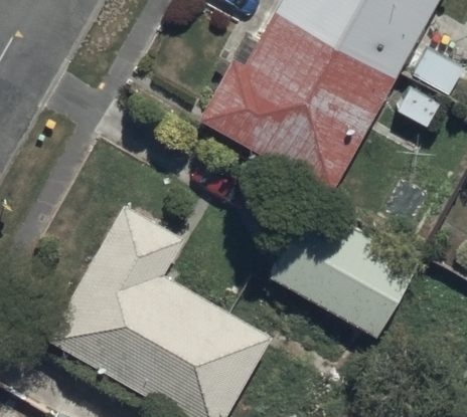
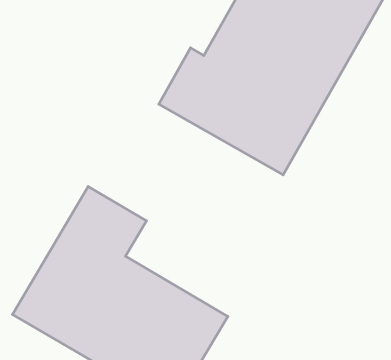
building: [272,207,418,339] -> none

